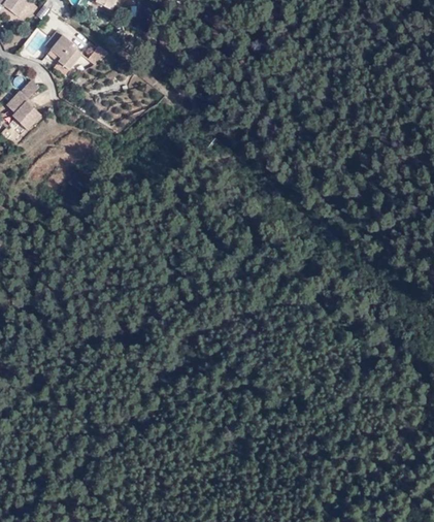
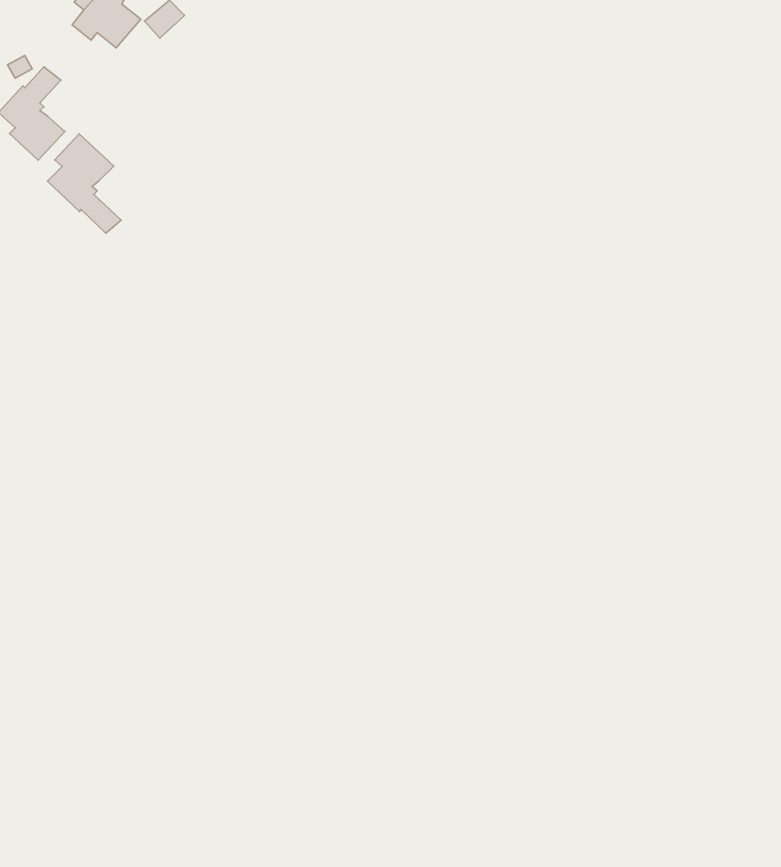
building: none -> [47,134,121,233]

